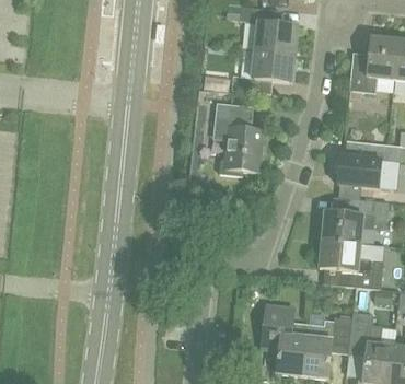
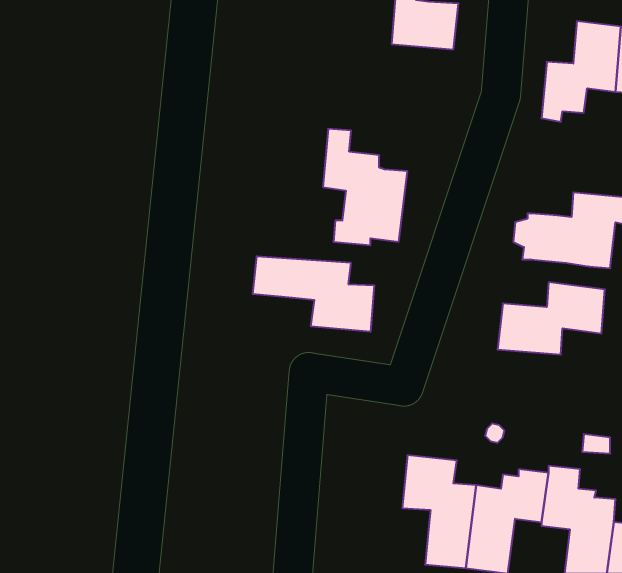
building: [231,49,293,92] -> none
building: none -> [253,256,374,332]
building: [319,238,382,288] -> none

